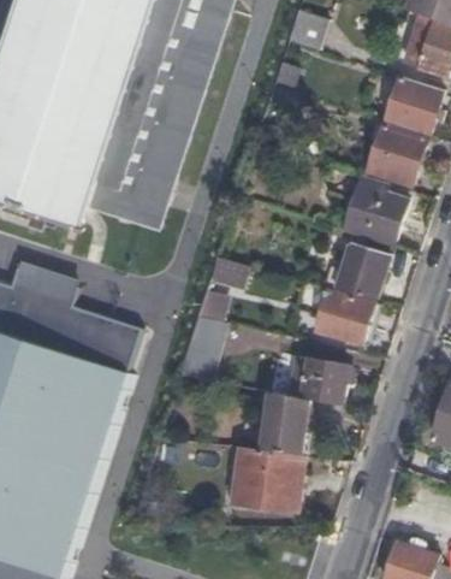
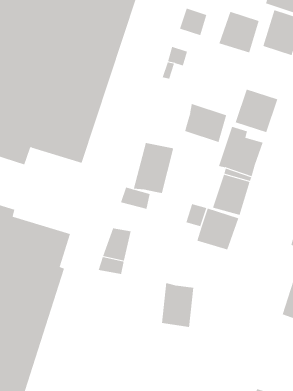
building: [385,77,441,135] -> [219,11,259,53]
building: none -> [184,103,227,143]
building: none -> [133,142,174,194]
building: [285,358,349,406] -> none
building: [235,447,305,510] -> none

